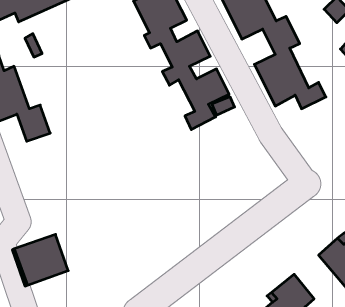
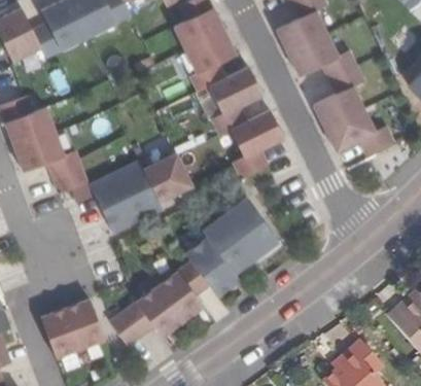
building: none -> [93,152,196,235]
building: none -> [106,199,278,347]

